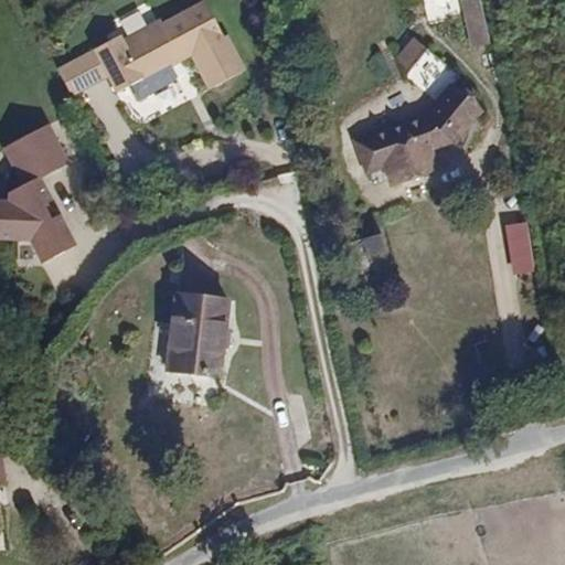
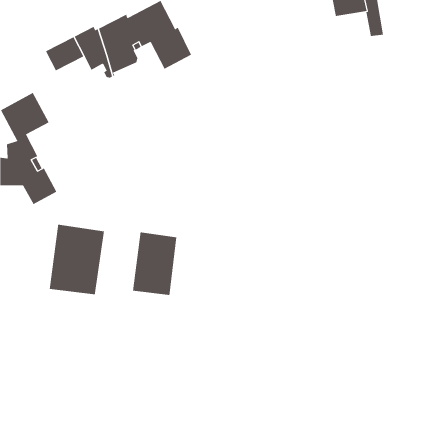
building: [355,49,480,183] -> none
building: [505,222,535,276] -> none
building: none -> [49,224,105,295]

